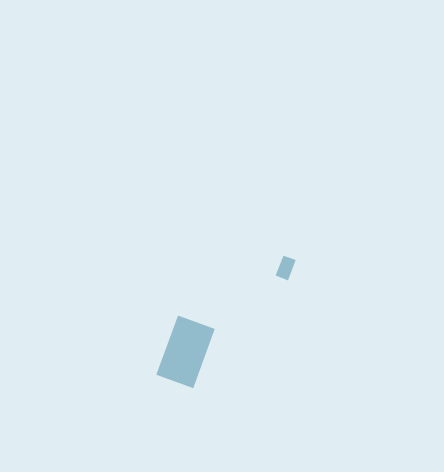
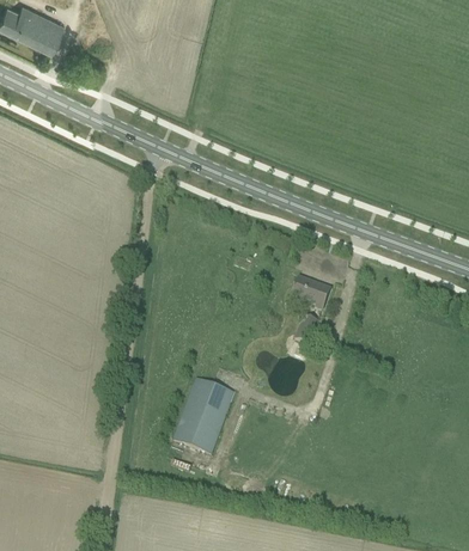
building: none -> [291,274,329,307]

